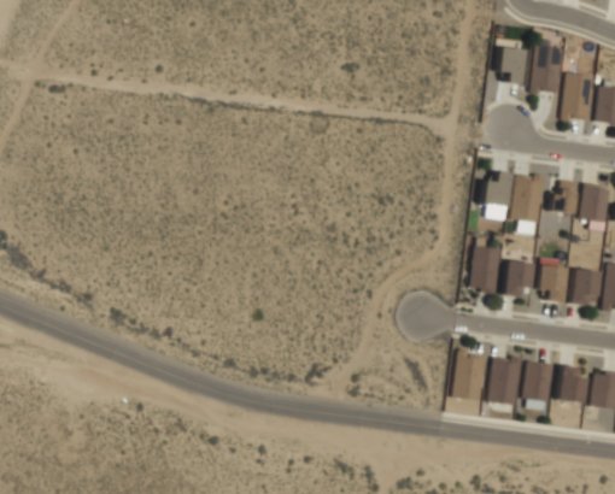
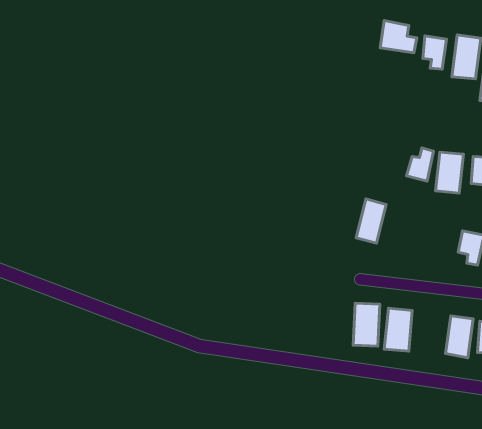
building: none -> [380,20,417,53]
building: [469,243,503,293] -> [356,199,386,243]
building: [505,260,529,294] -> none
building: [491,354,521,402] -> [353,303,380,346]

